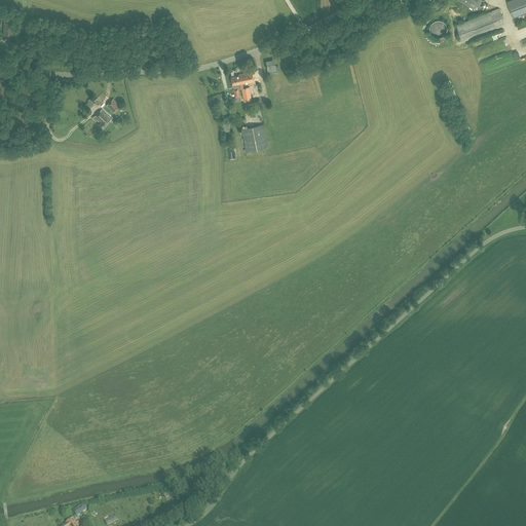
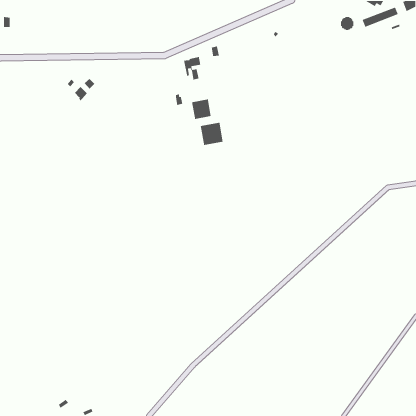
building: none -> [200,122,224,146]

